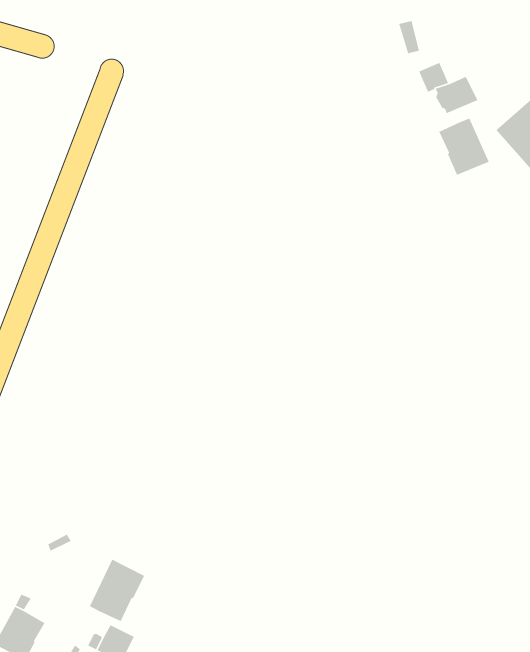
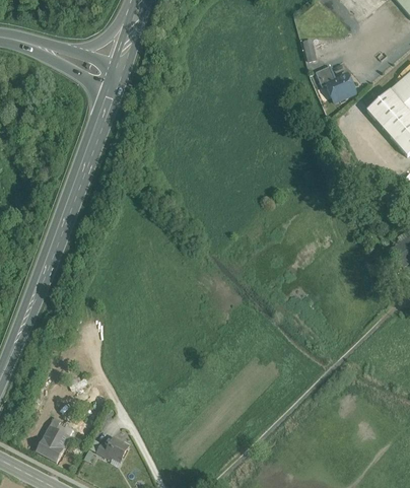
building: [438,118,490,176] -> none
building: [89,558,145,622] -> none

